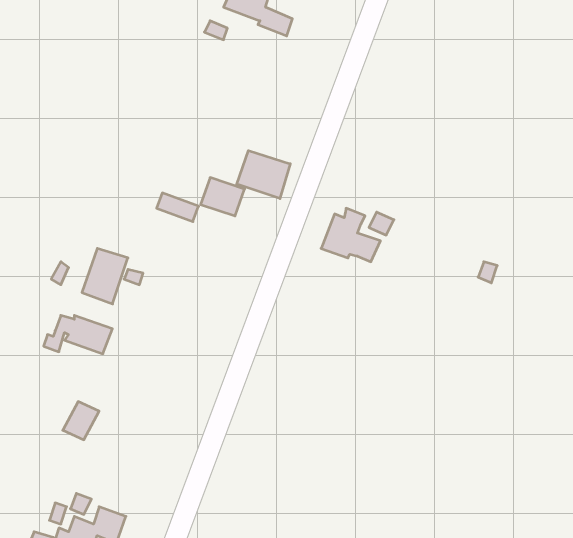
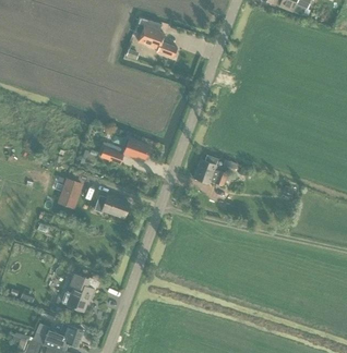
building: [237,151,290,199] -> none
building: [44,315,112,354] -> [89,194,129,216]
building: none -> [63,273,93,309]

